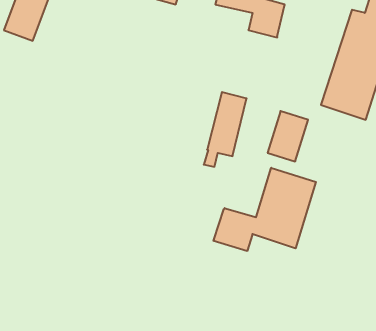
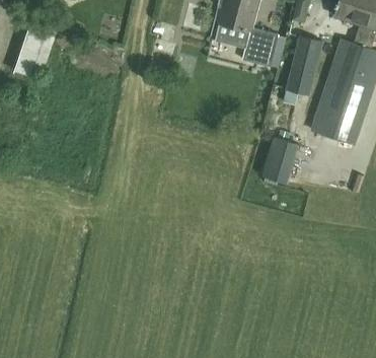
building: [204,92,247,167] -> [282,35,322,106]
building: [213,168,316,251] -> none

